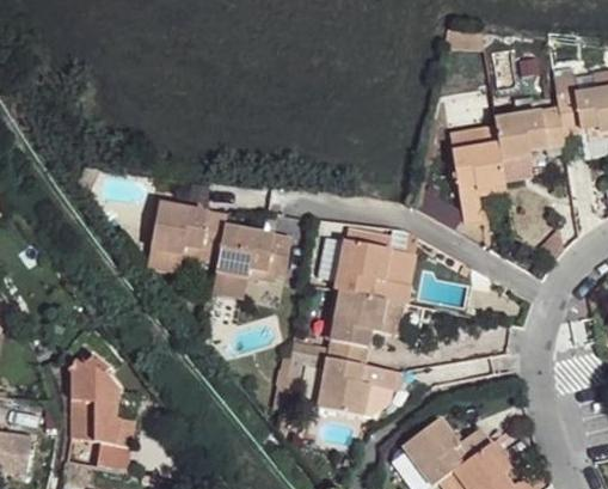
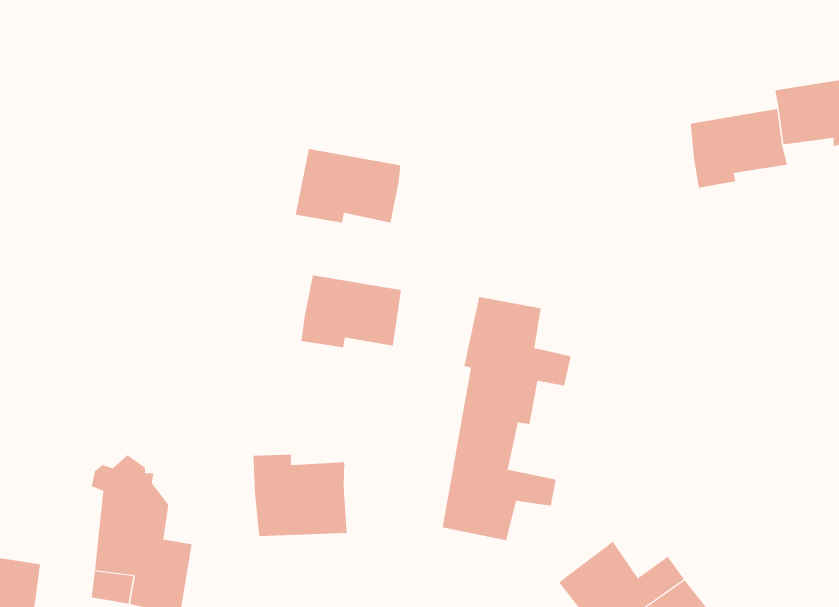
building: [453,142,505,222] -> none
building: [149,202,226,256] -> [295,148,401,223]
building: none -> [253,454,347,537]

